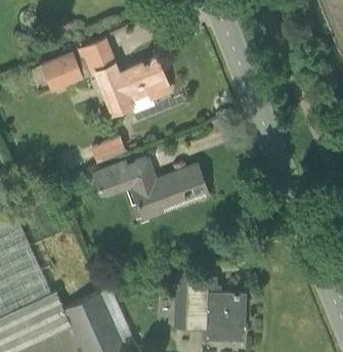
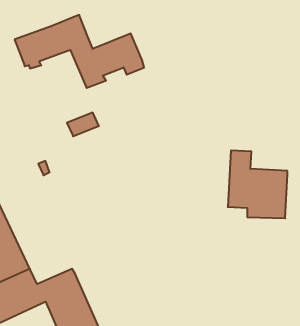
building: [93,161,205,219] -> none
building: [184,272,244,340] -> [228,150,287,218]

